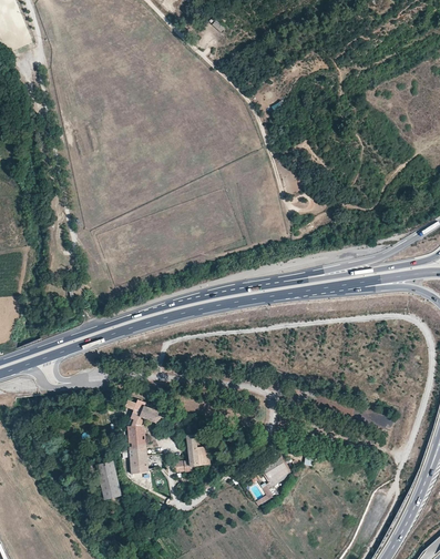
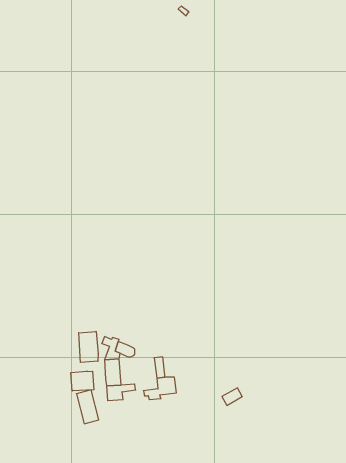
building: none -> [79,331,98,362]
building: none -> [71,371,94,391]

